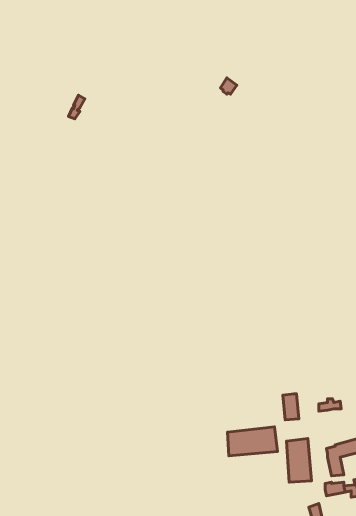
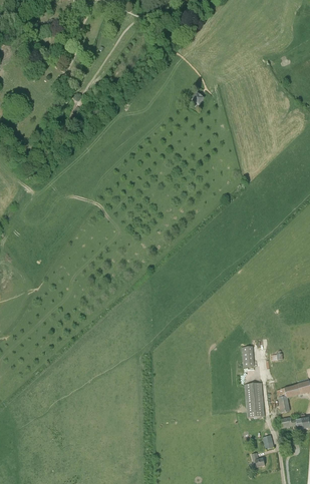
building: [228,427,278,456] -> none

